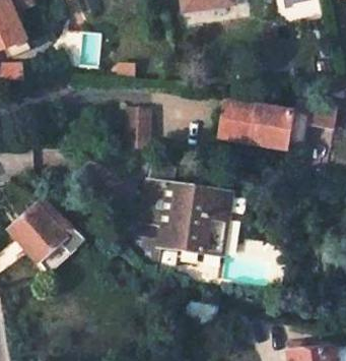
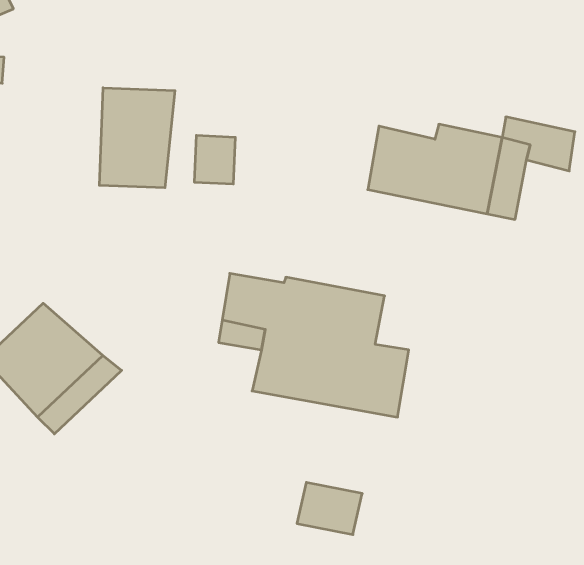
building: none -> [99,88,175,188]

